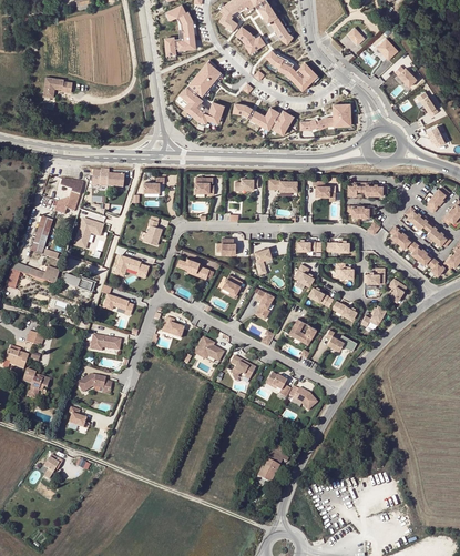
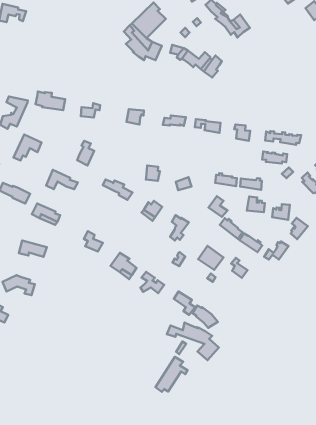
building: [300,104,350,131] -> none
building: none -> [167,323,219,360]

